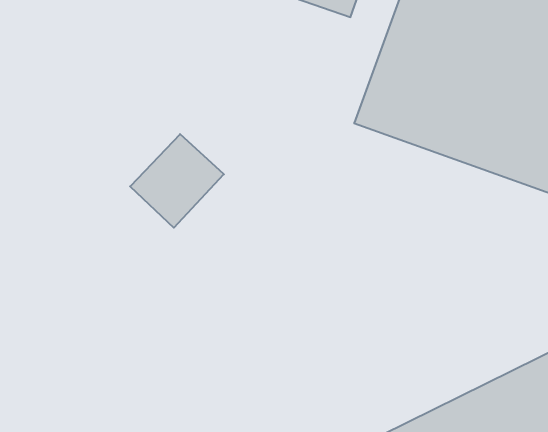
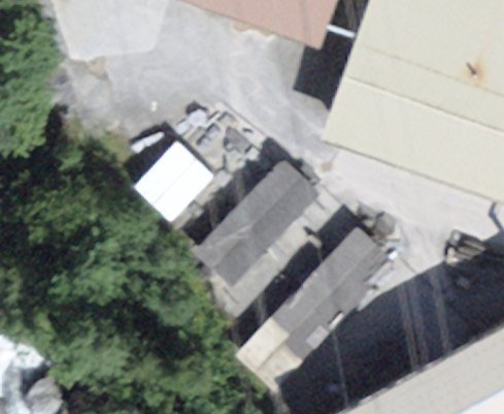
building: none -> [191,160,332,305]
building: none -> [236,229,391,390]

